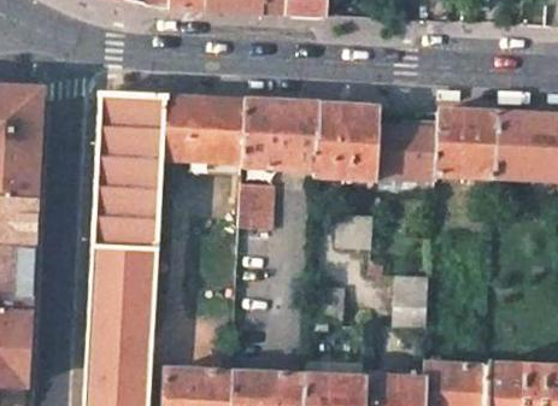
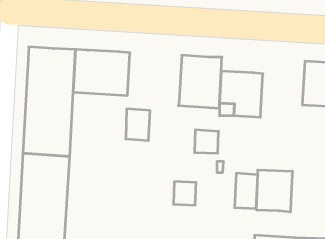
building: [240,101,318,169] -> none
building: [433,111,495,176] -> none
building: none -> [257,170,292,212]

